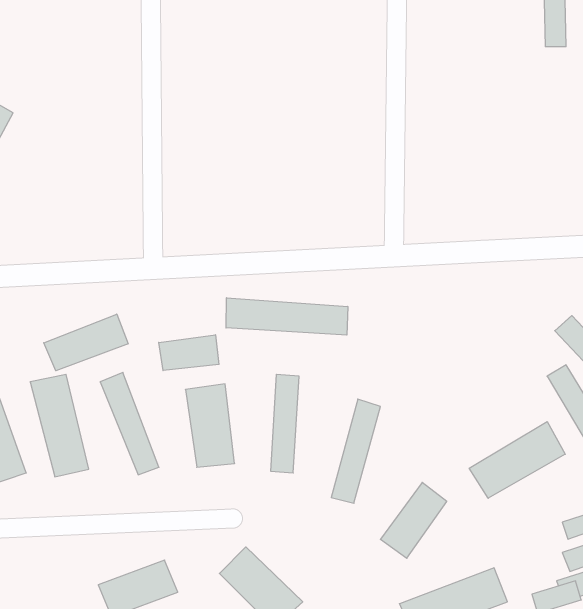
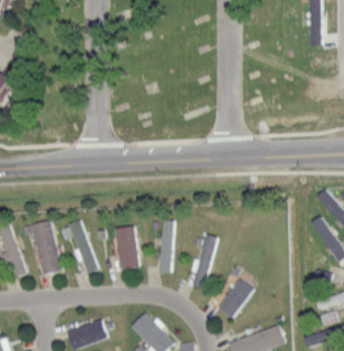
building: [226,298,348,335] -> none
building: [44,314,128,371] -> none
building: [159,335,219,371] -> none
building: [469,422,565,498] -> none

